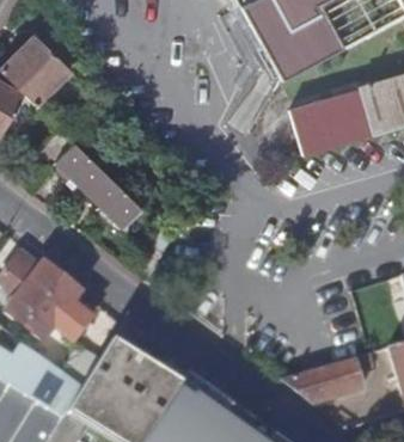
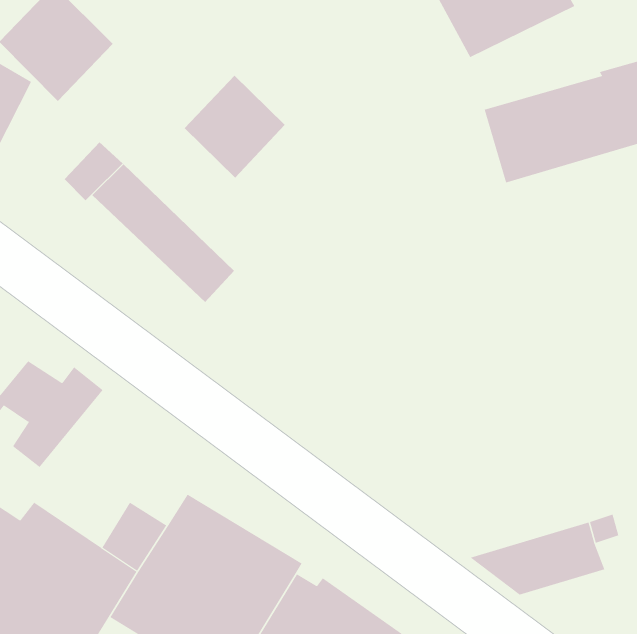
building: none -> [184,75,286,178]
building: [25,277,92,342] -> none

